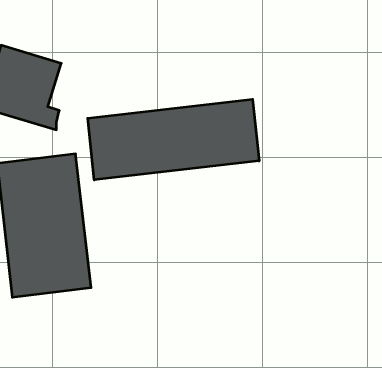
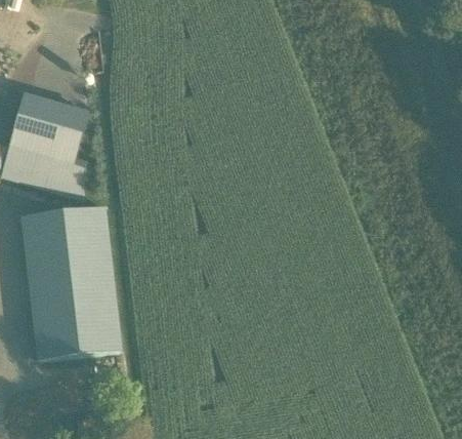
building: [88,99,259,180] -> none

